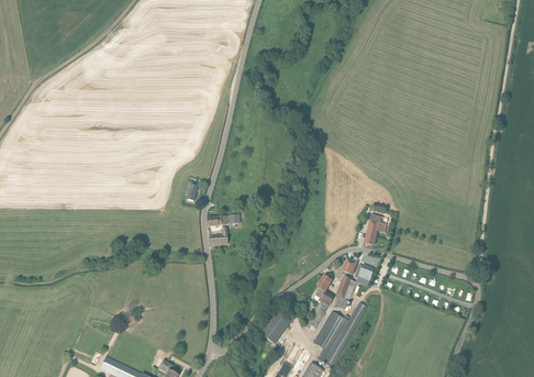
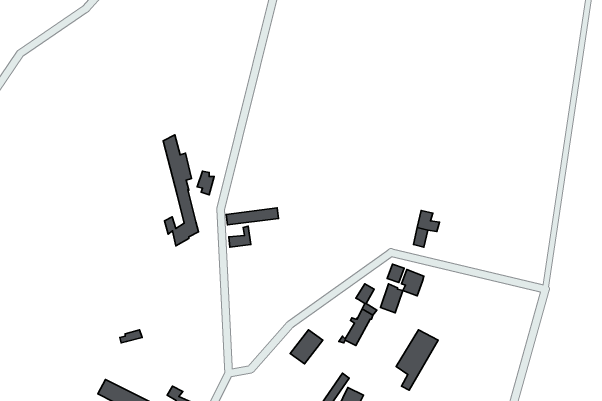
building: none -> [163,135,198,246]
building: [313,310,348,361] -> [396,330,438,390]

